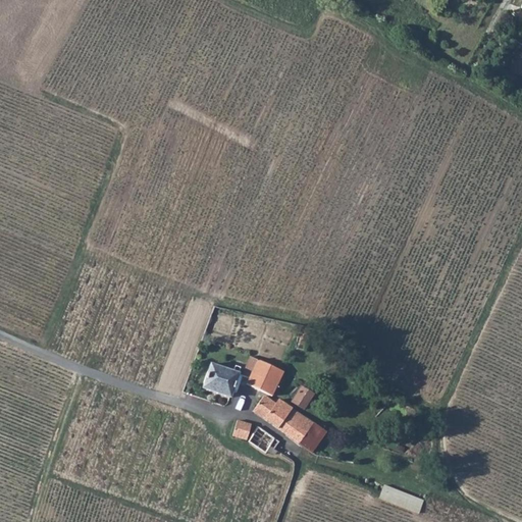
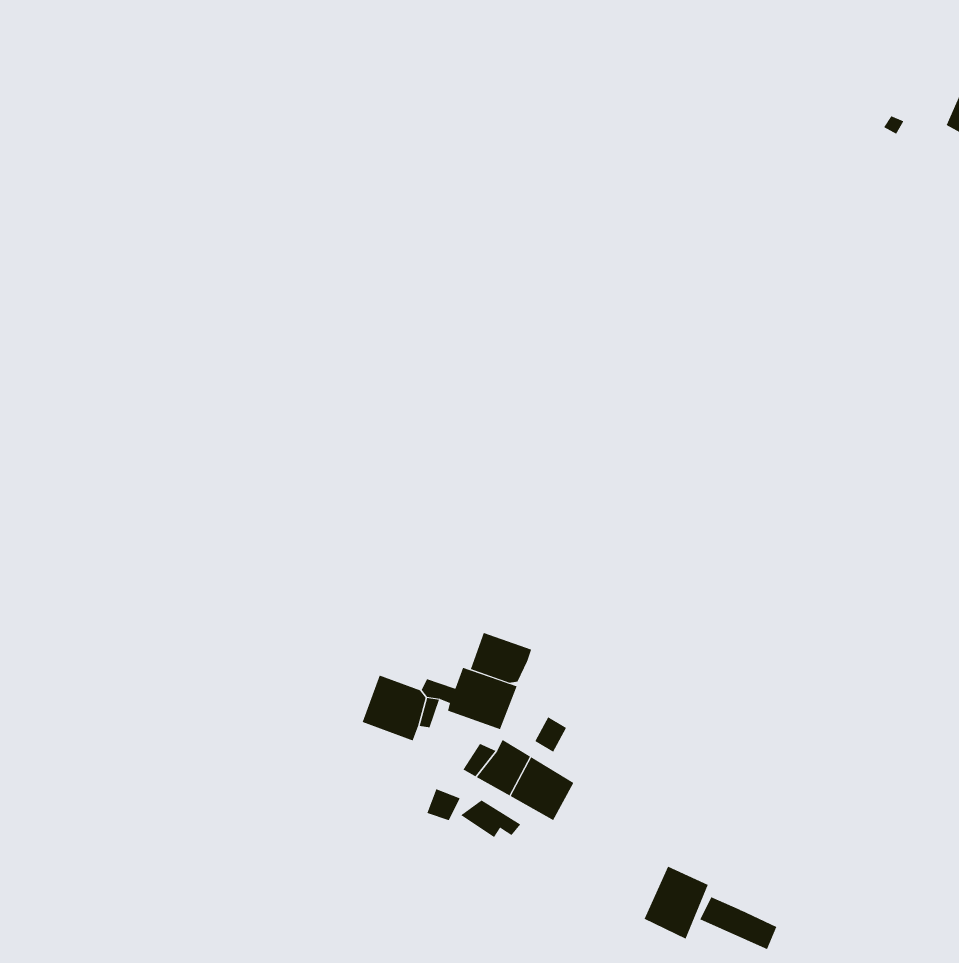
building: none -> [470,632,532,683]
building: [303,421,328,450] -> none
building: none -> [644,866,708,940]

